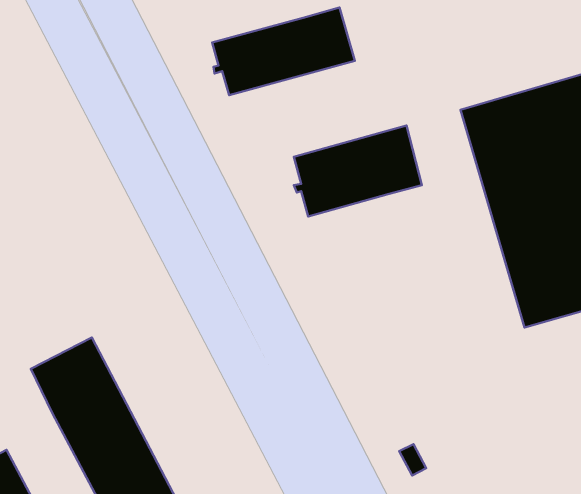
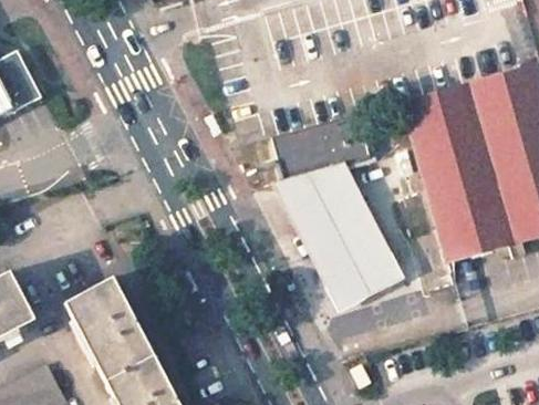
building: [212,8,355,95] -> none
building: none -> [274,167,405,313]

